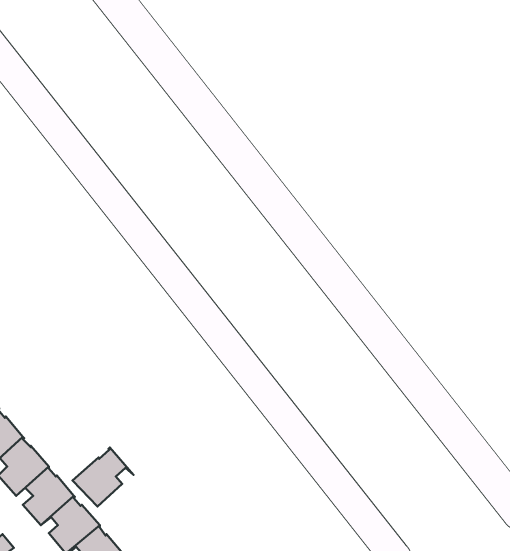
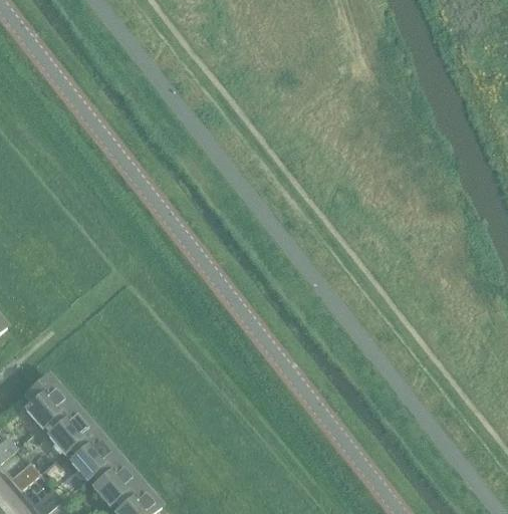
building: [72,448,133,507] -> none

